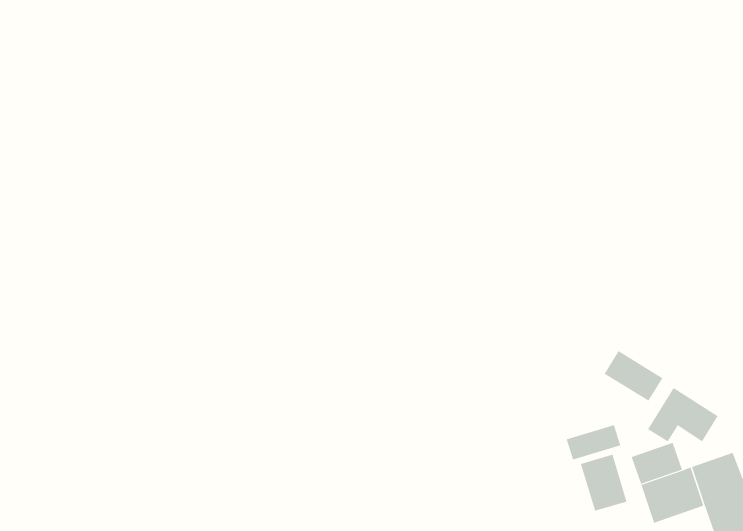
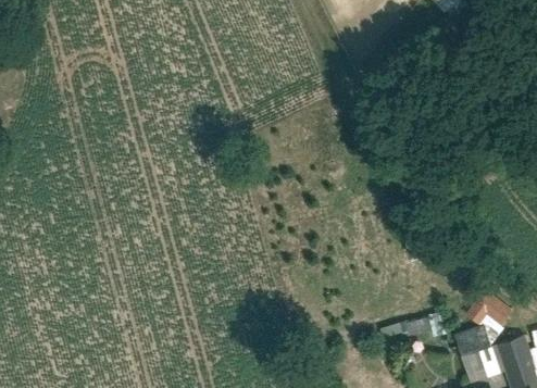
building: [604,350,663,402] -> none
building: [580,454,627,512] -> none

